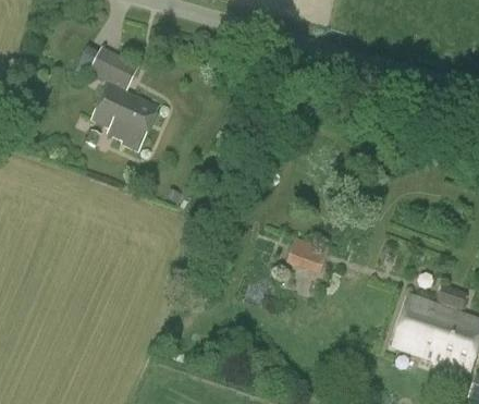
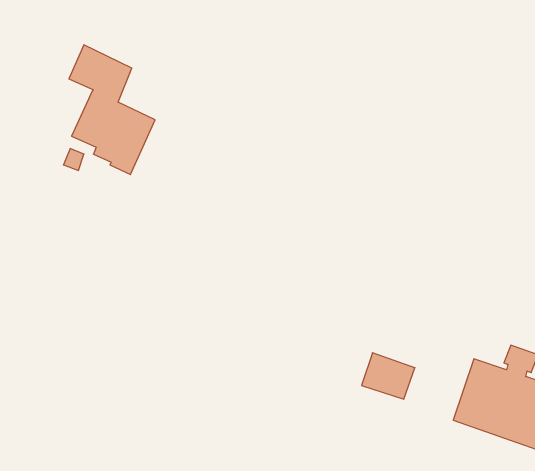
building: [287,236,330,273] -> [362,353,415,399]

